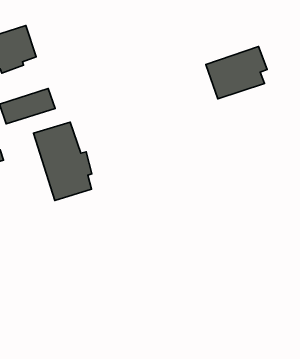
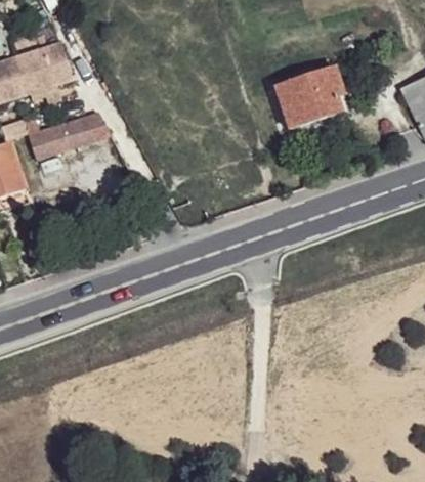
building: [34,122,92,200] -> none

